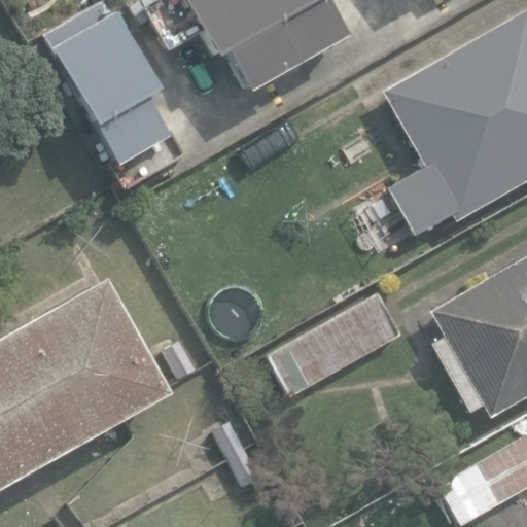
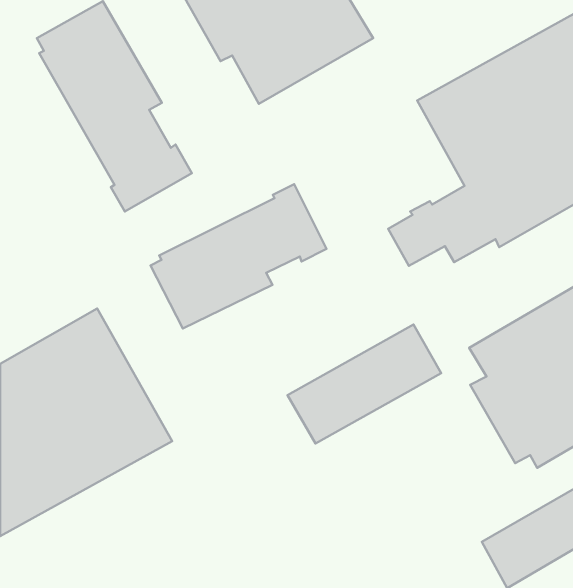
building: none -> [151,184,327,328]

